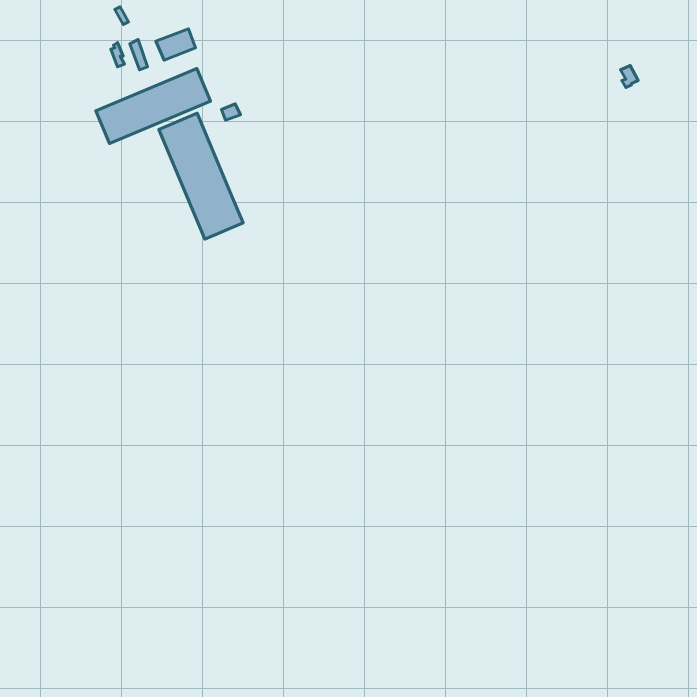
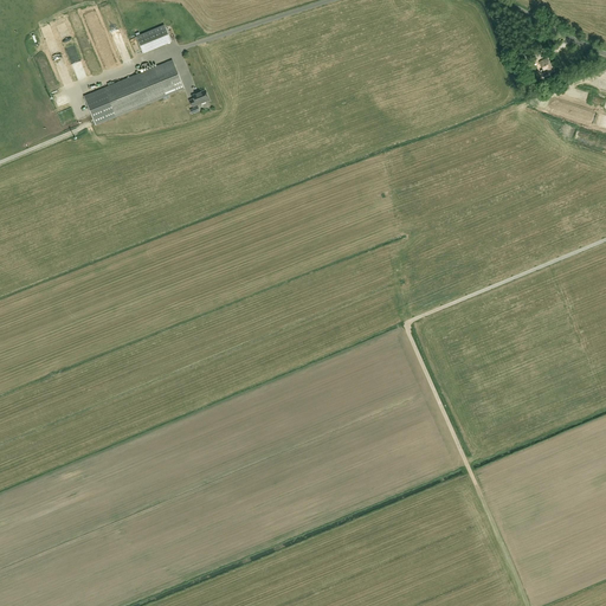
building: [159,113,243,239] -> none

